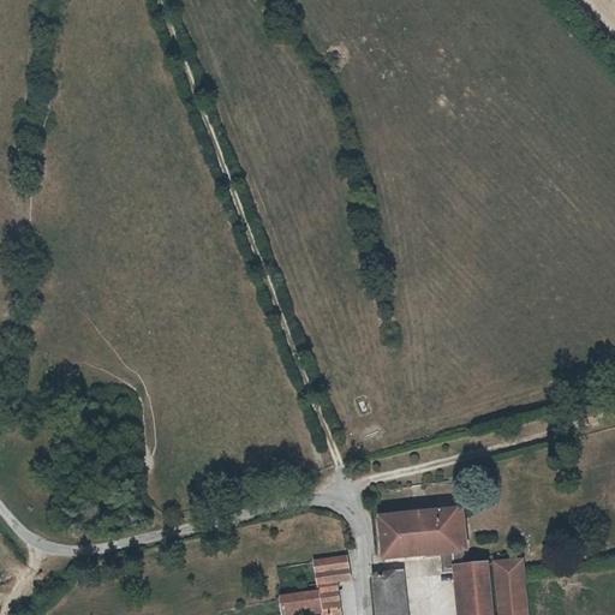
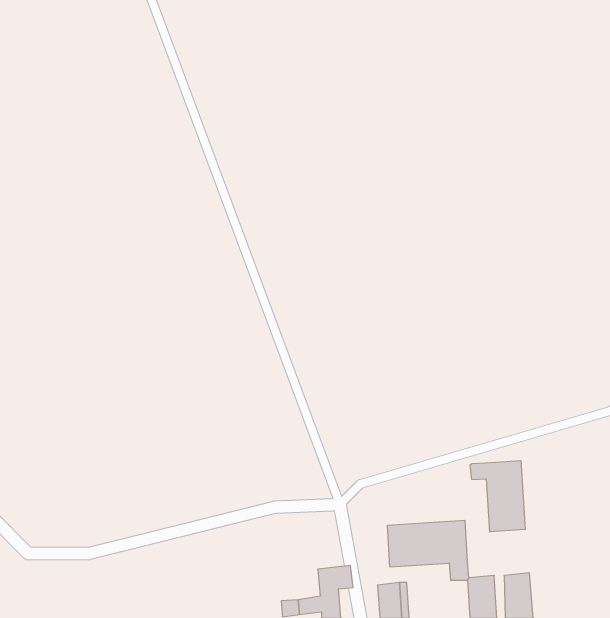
building: none -> [470,461,525,532]

